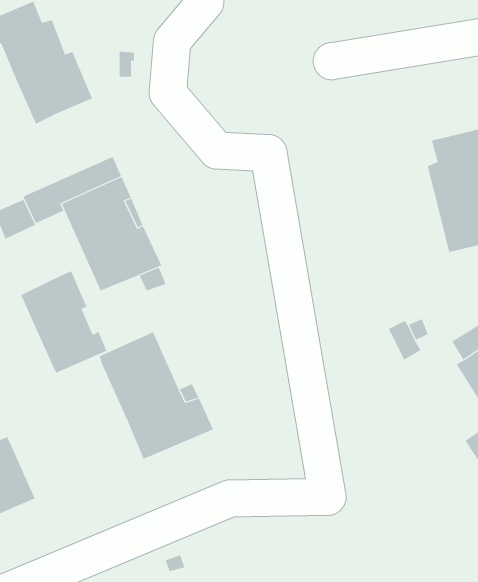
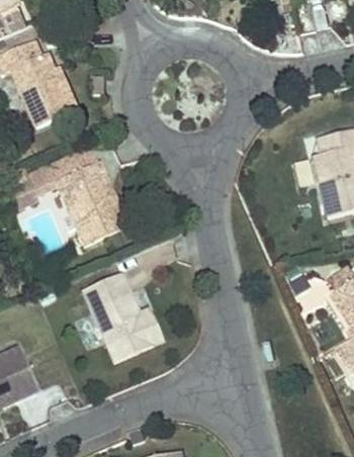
building: [20,270,107,374] -> none

